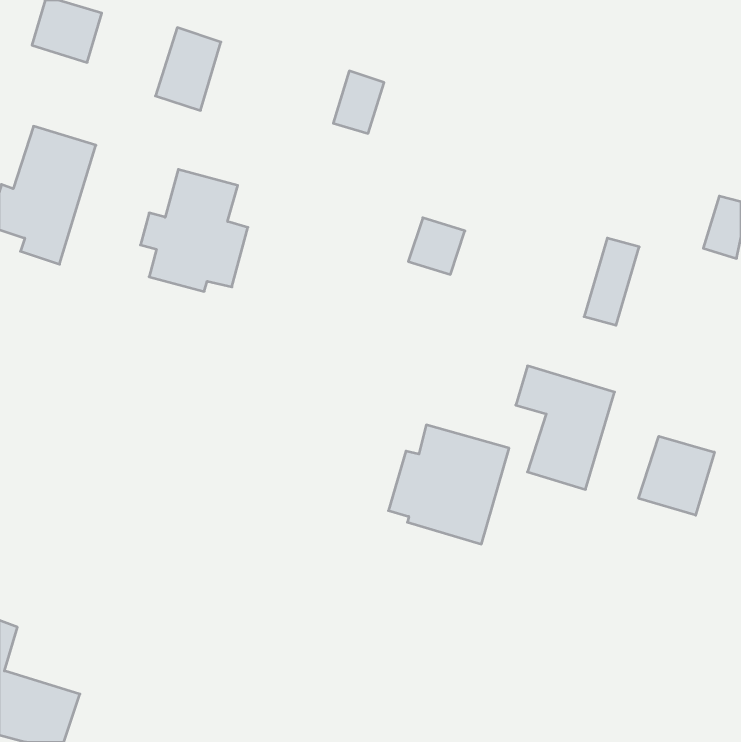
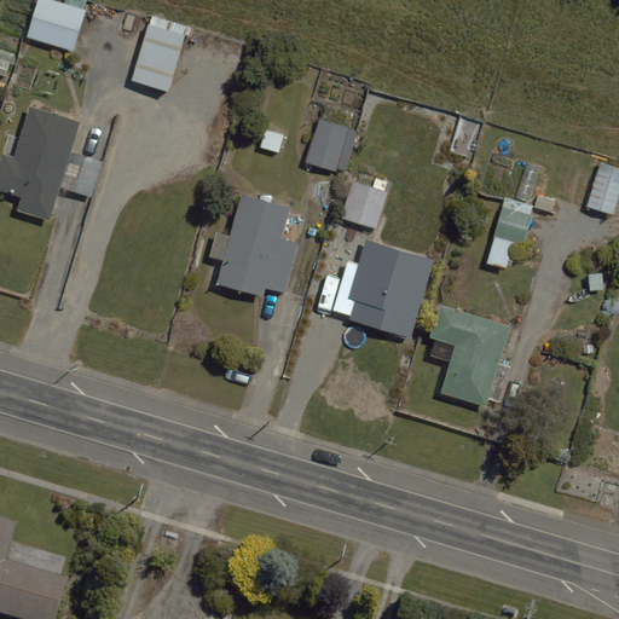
building: [333,71,384,133] -> [305,118,347,170]
building: [140,169,248,291] -> [208,195,297,296]
building: [388,425,509,544] -> [332,239,433,339]
building: [639,436,714,515] -> none

